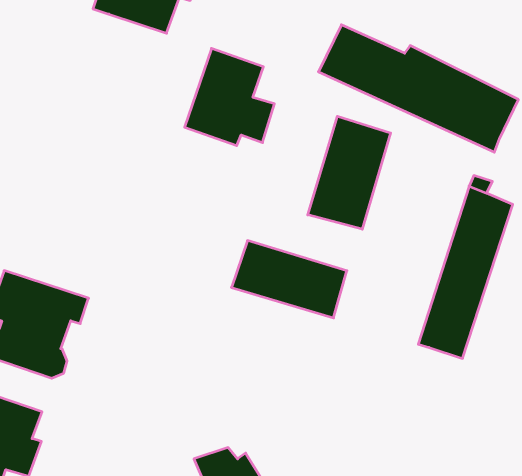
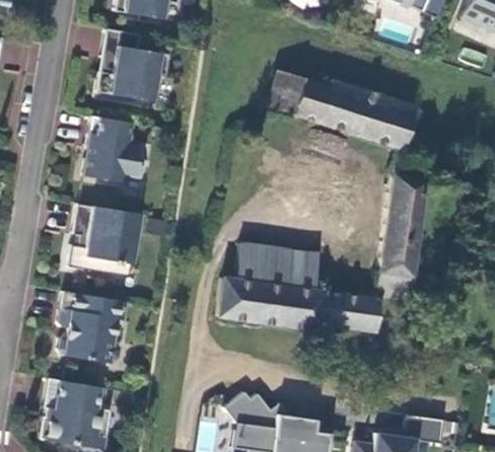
building: [185,48,274,146] -> [85,117,147,183]
building: [308,116,391,229] -> none
building: none -> [70,205,142,274]
building: none -> [214,278,380,328]

